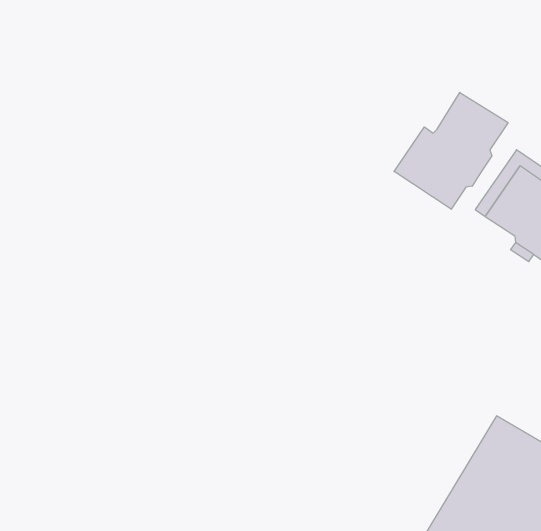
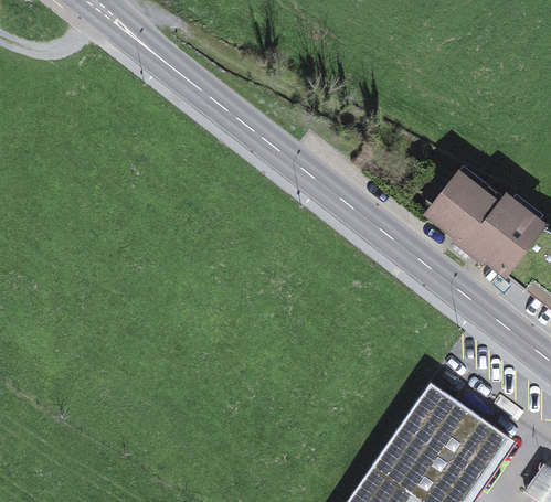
building: [394,92,508,209] -> none

